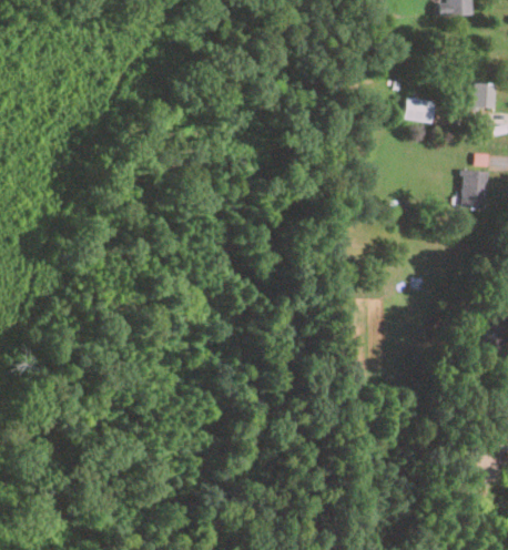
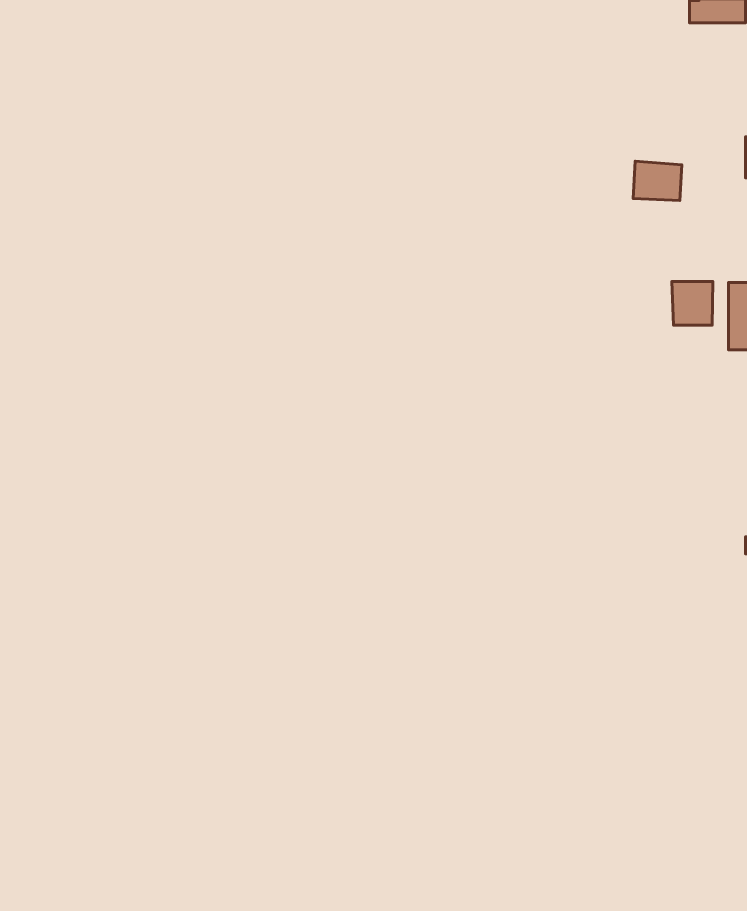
building: none -> [672,281,713,325]

